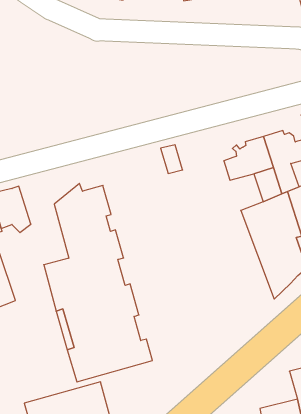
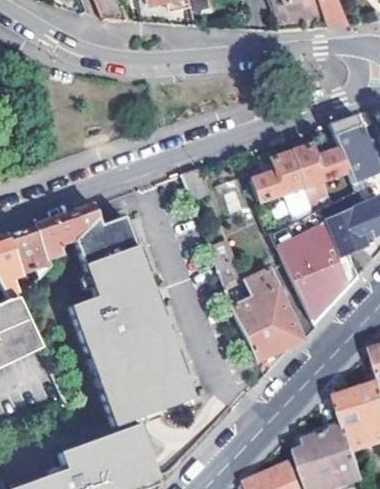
building: none -> [36,204,100,263]
building: none -> [212,239,305,360]

